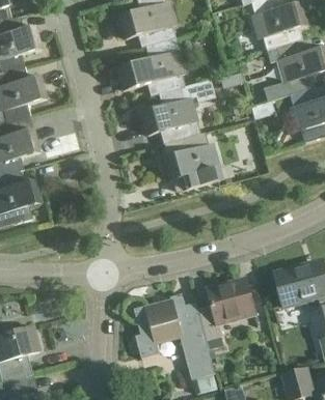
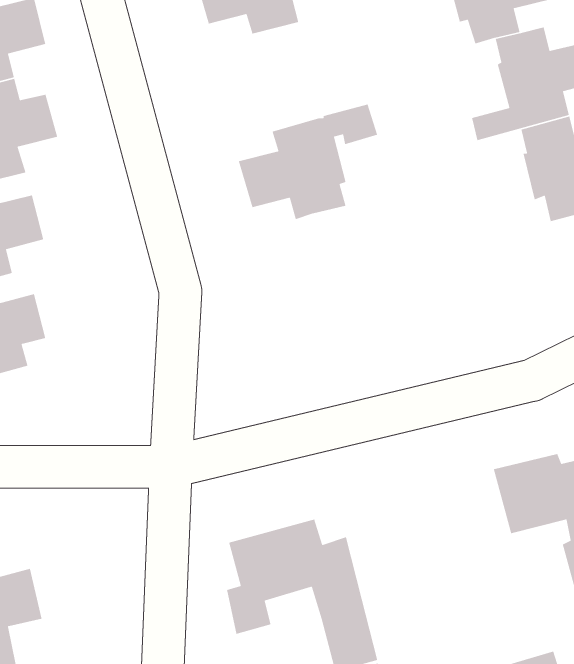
building: [114,37,185,94] -> none
building: [163,132,233,192] -> none
building: [197,280,254,340] -> none

